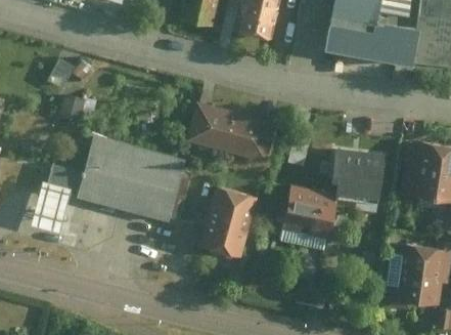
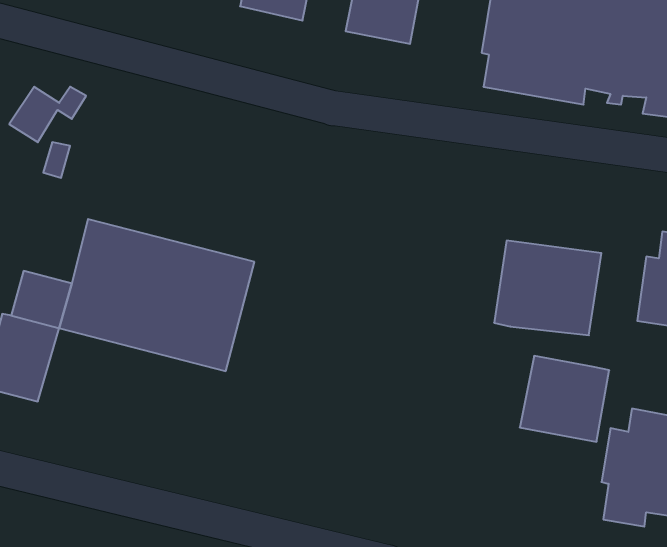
building: [190,102,279,162] -> none
building: [202,186,256,258] -> none
building: [284,189,335,238] -> [520,356,609,442]

